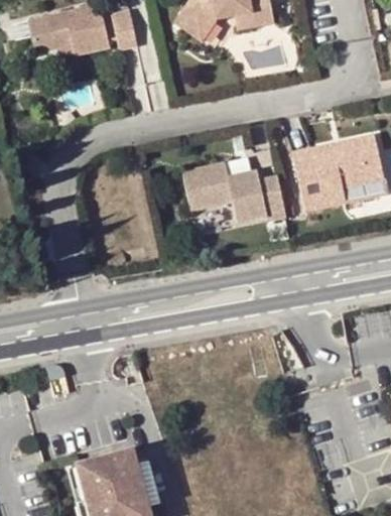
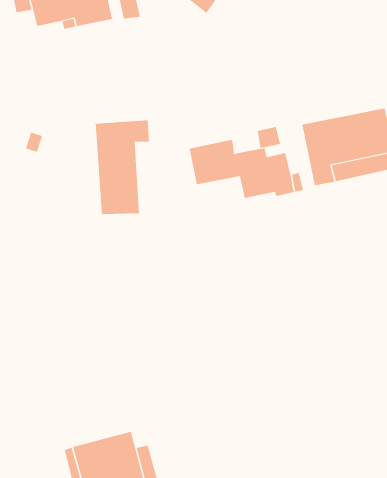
building: none -> [95,120,150,215]

